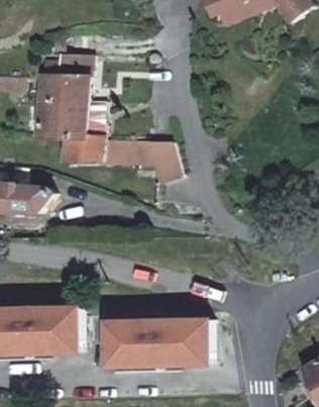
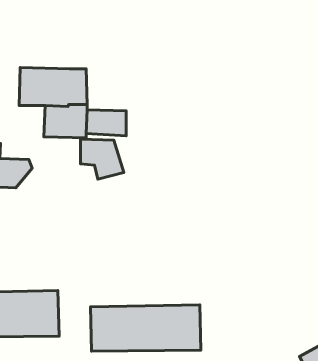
building: [40,62,88,103] -> none
building: [139,142,180,180] -> [80,139,124,179]

